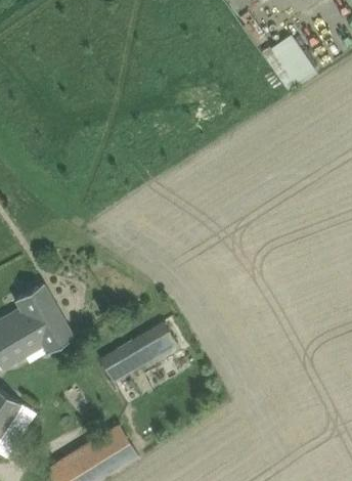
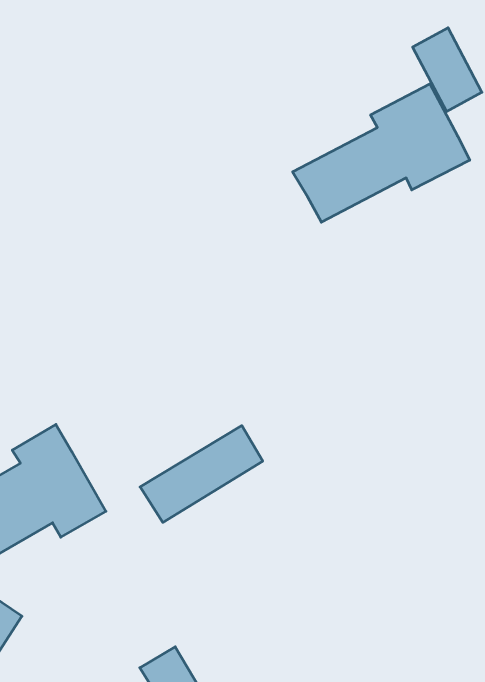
building: none -> [293,84,470,222]
building: [99,323,177,385] -> [140,426,263,522]

